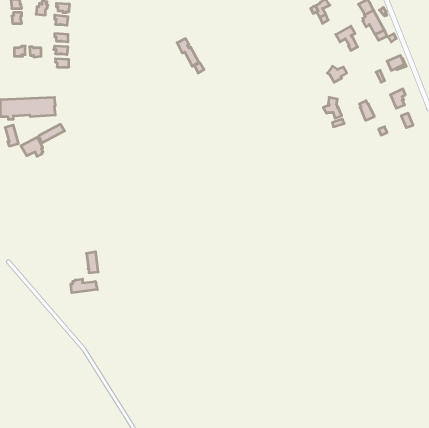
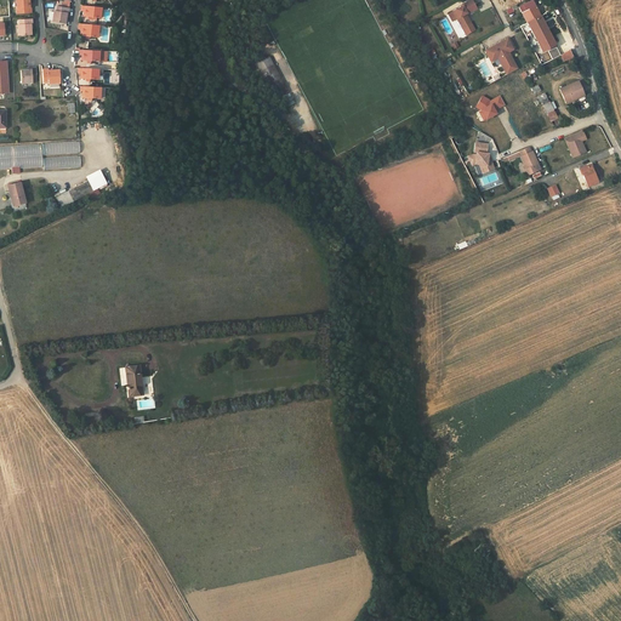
building: [21,137,43,156] -> none
building: [71,279,97,293] -> none

